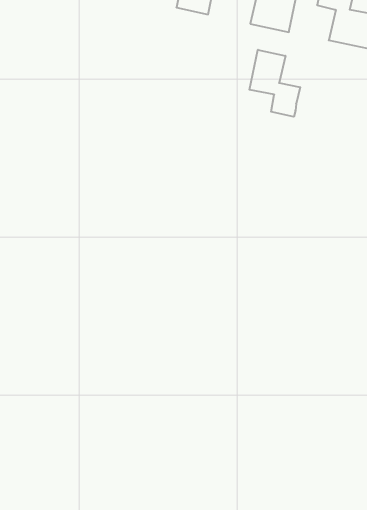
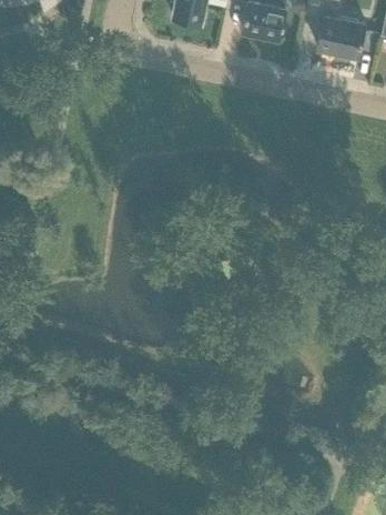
building: [249,50,300,117] -> none

